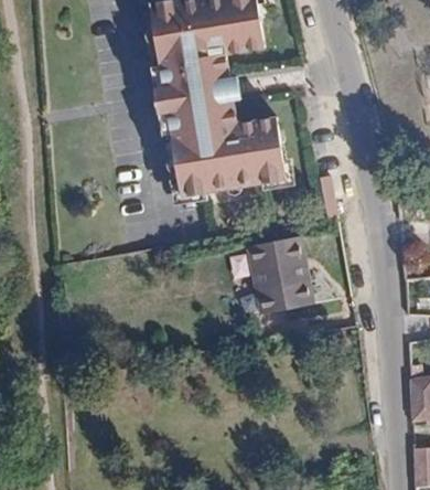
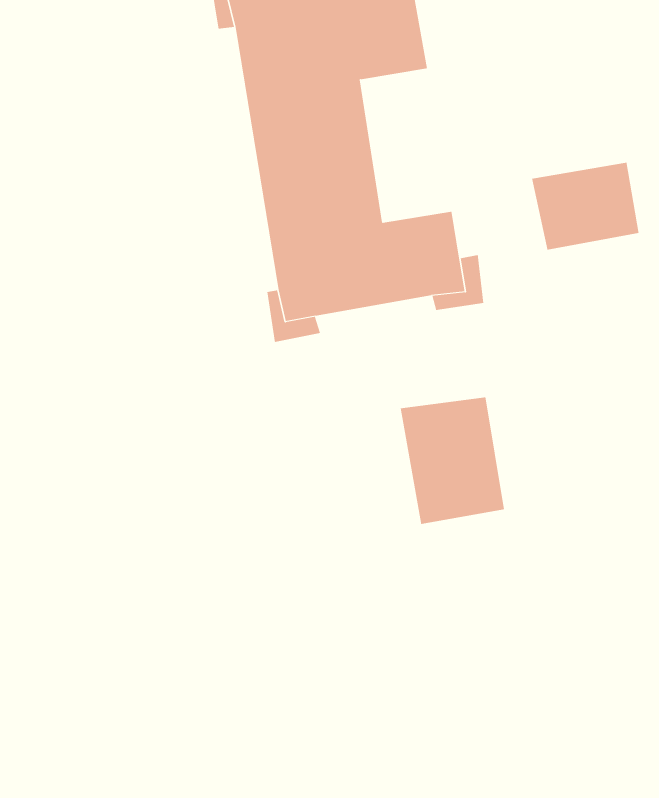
building: none -> [532,162,639,250]

